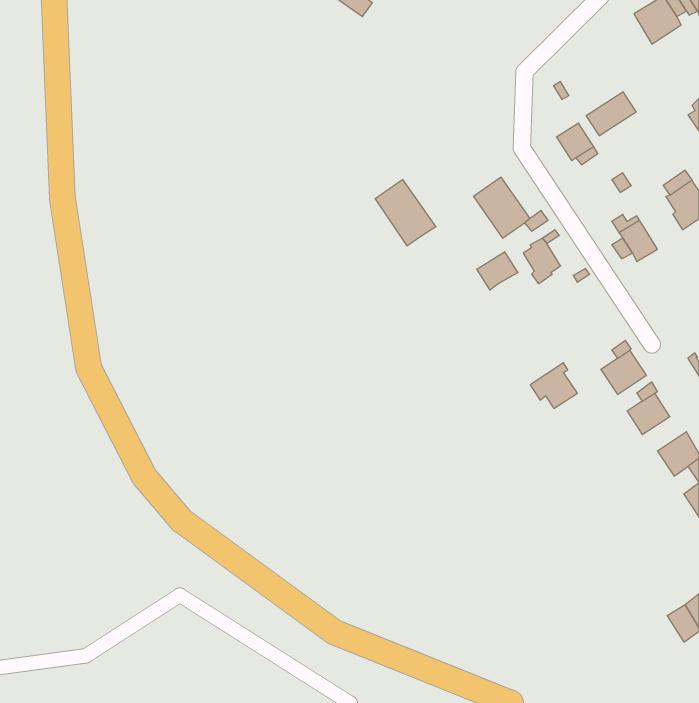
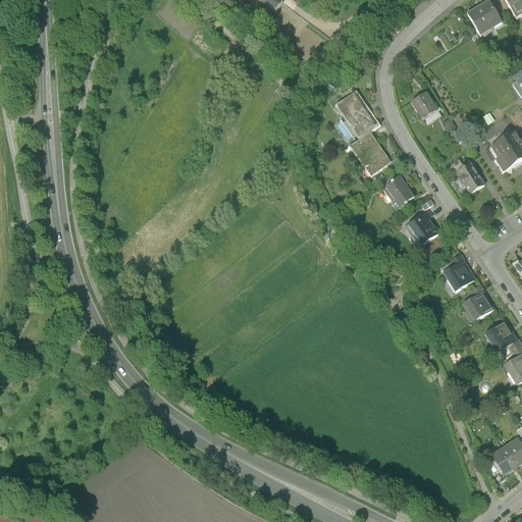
building: [586,92,636,136] -> none
building: [375,179,436,246] -> [335,89,380,138]
building: [477,252,518,290] -> none
building: [530,363,577,408] -> [405,209,439,243]

